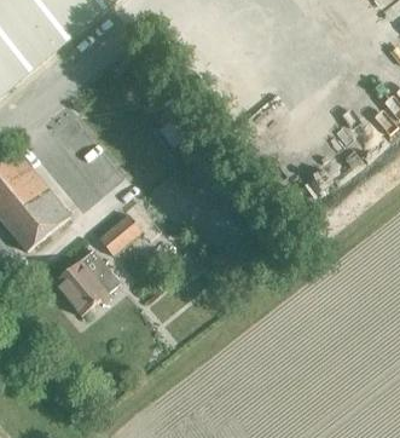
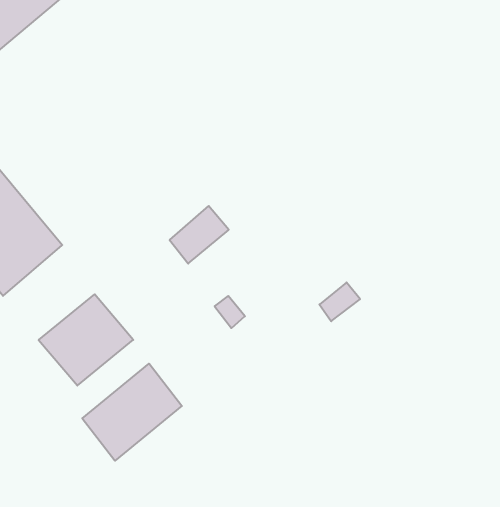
building: [99,214,141,255] -> [170,206,229,264]
building: none -> [82,364,182,461]

